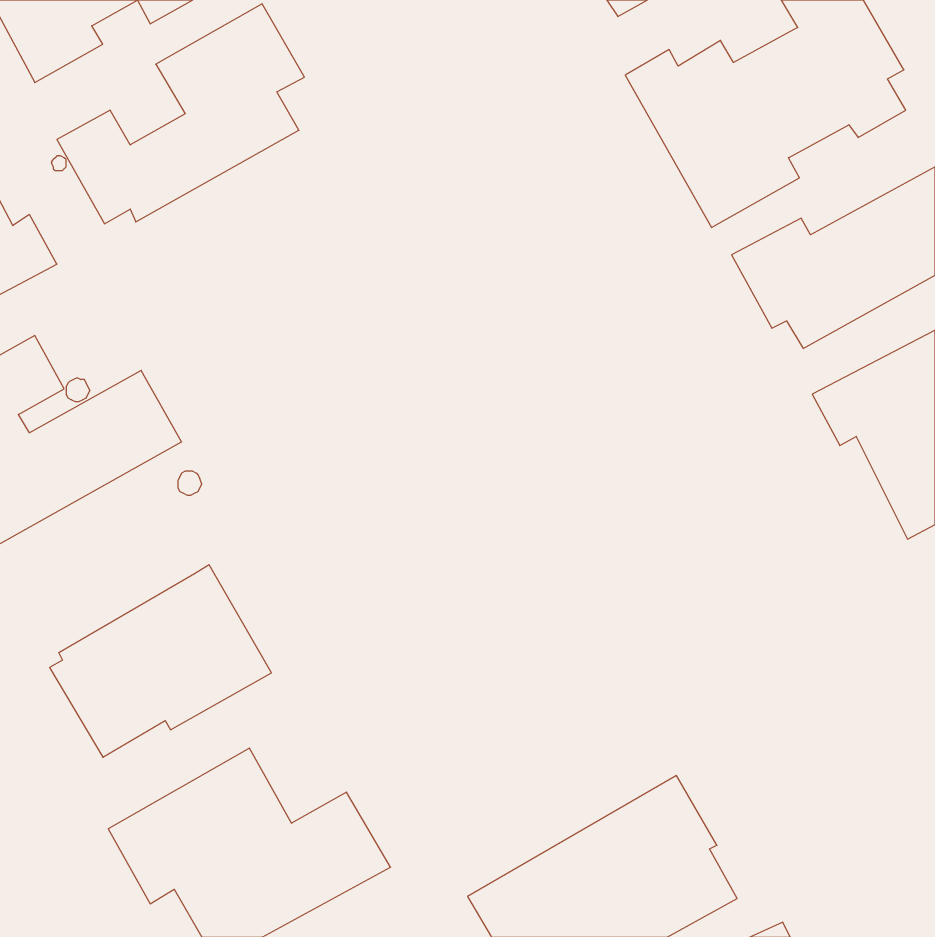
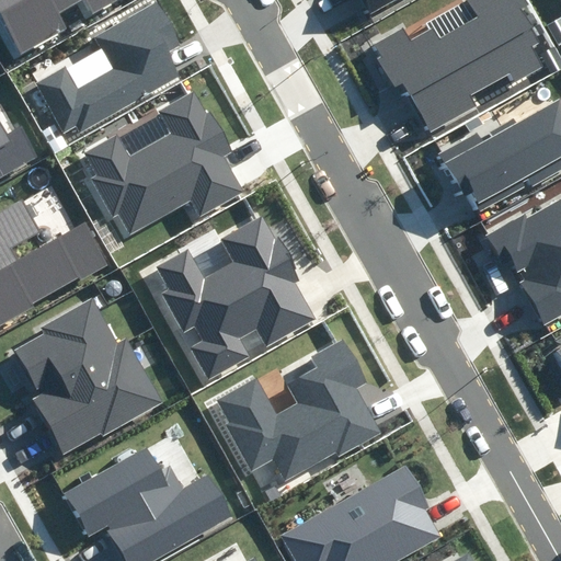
building: none -> [85,92,242,232]
building: none -> [159,218,314,377]
building: none -> [10,301,116,390]
building: none -> [210,342,378,485]

